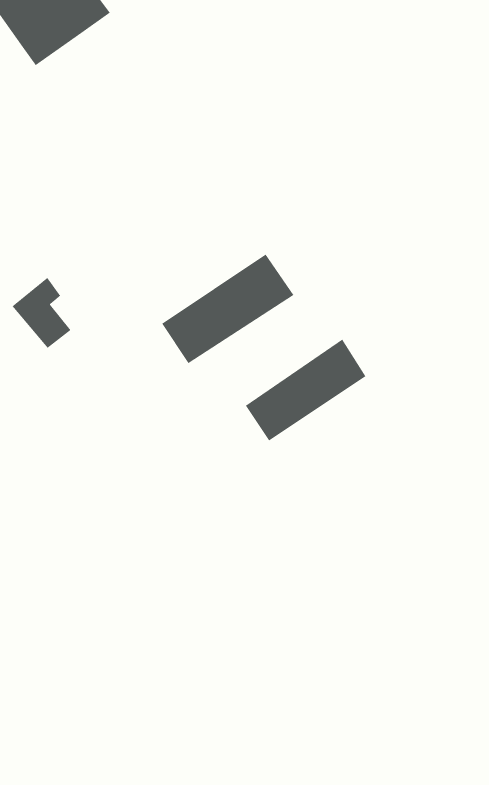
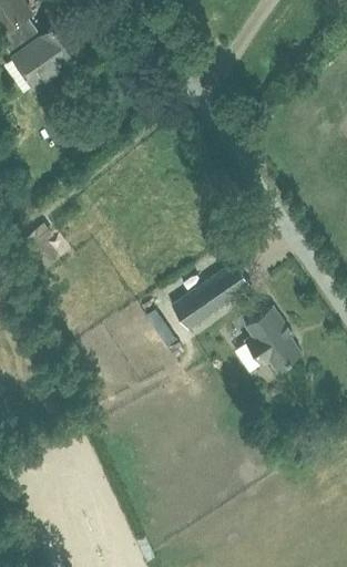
building: [161,254,295,364] -> none
building: none -> [246,307,303,372]

